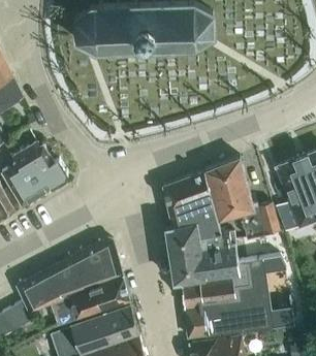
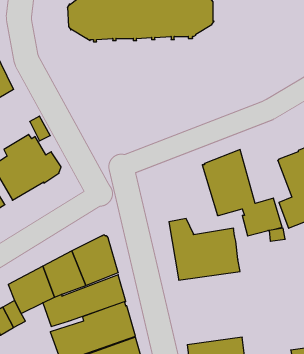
building: [162,171,220,237] -> none
building: [180,255,292,338] -> none

